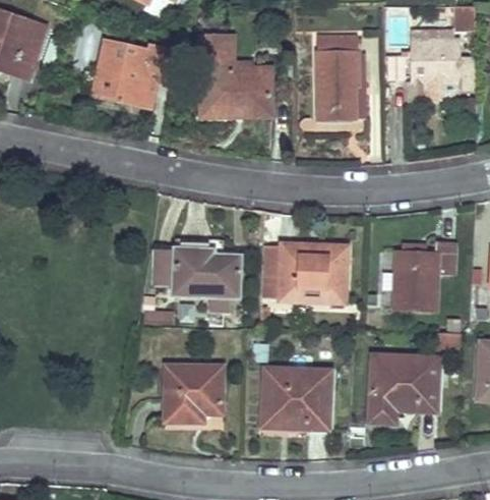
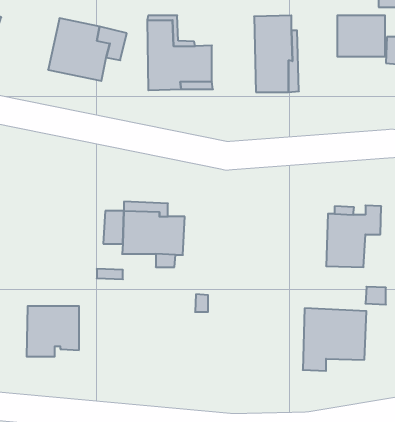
building: [260,243,347,302] -> none
building: [165,366,222,421] -> [27,306,79,357]
building: [262,368,330,428] -> none

